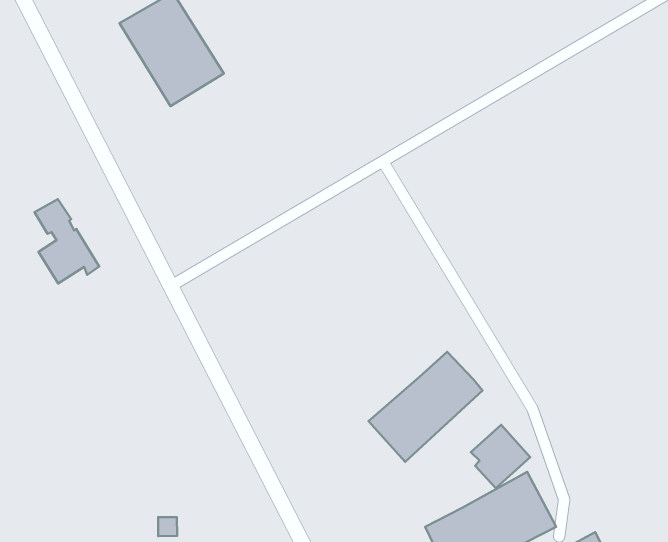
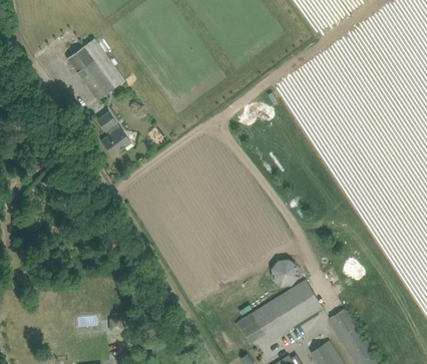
building: [34,199,99,283] -> [94,111,131,156]
building: [369,352,483,462] -> none

